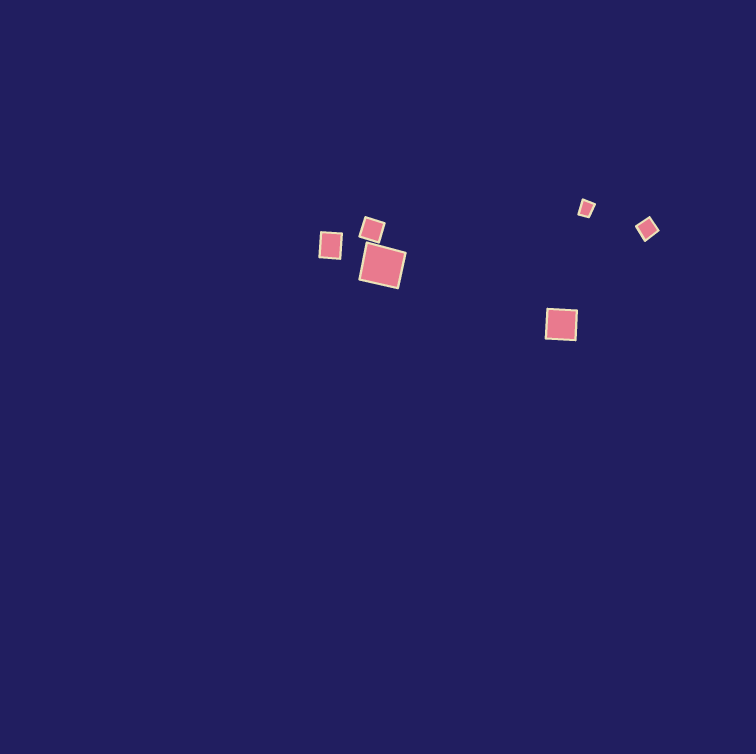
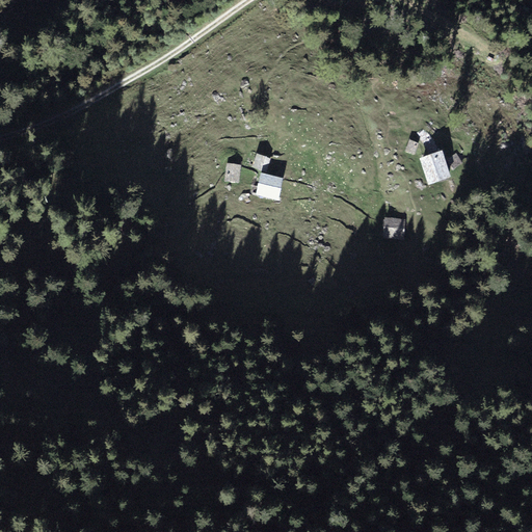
building: none -> [419,150,451,184]

